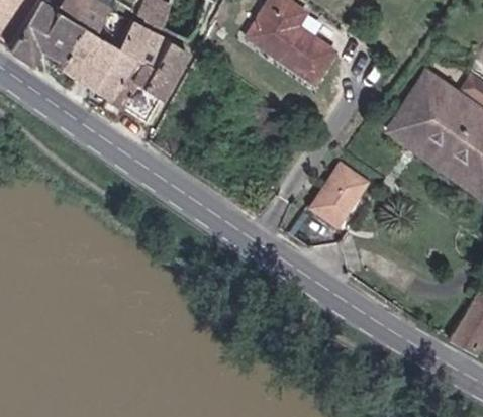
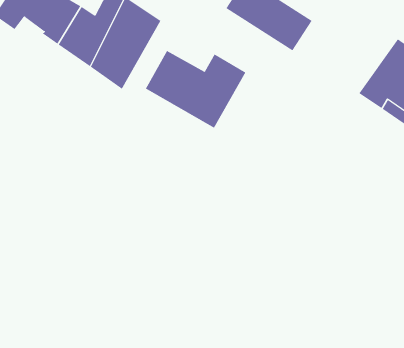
building: none -> [145,50,246,128]
building: [311,164,370,226] -> none

